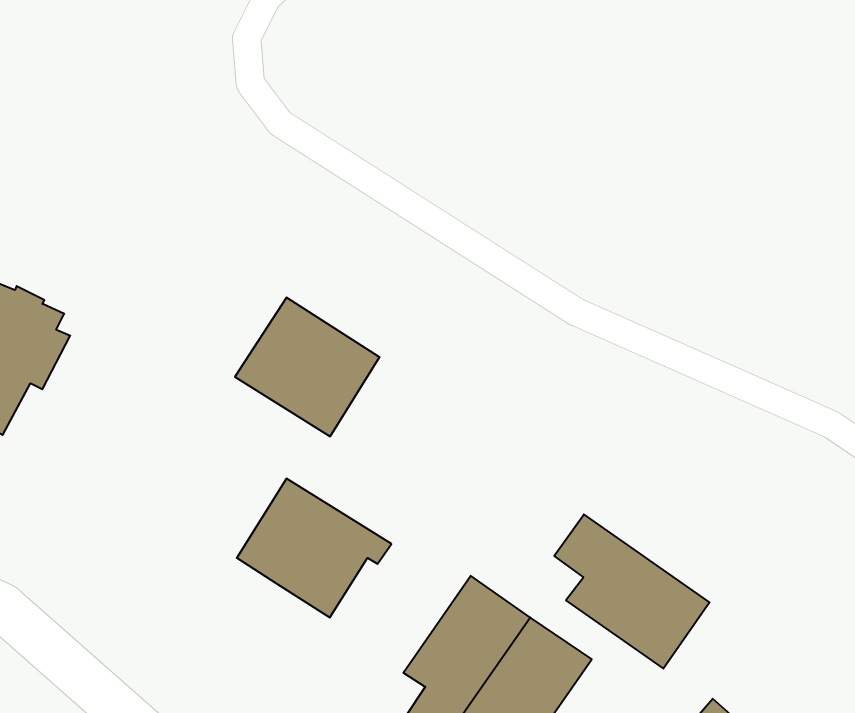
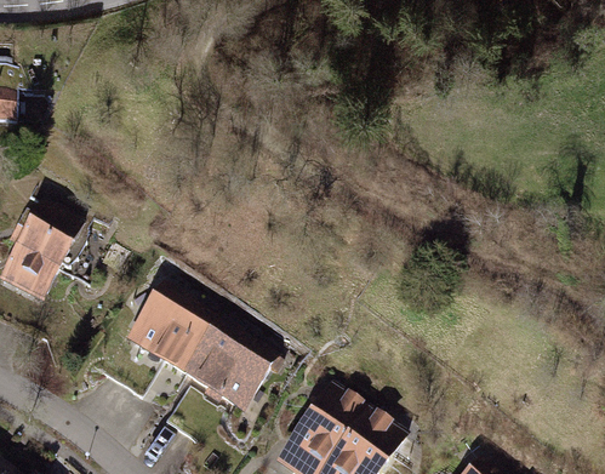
building: [235,298,380,436] -> [127,287,216,372]
building: [554,514,710,669] -> none

